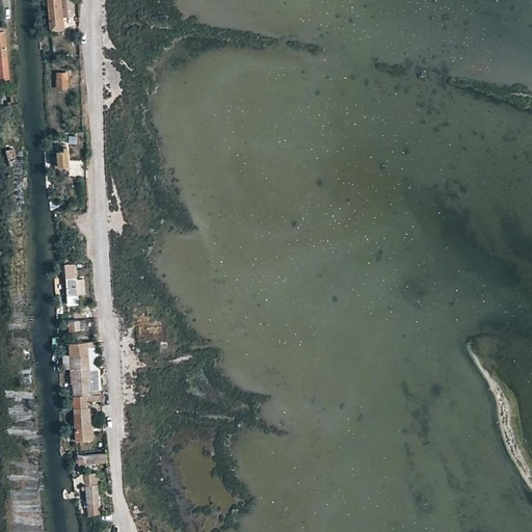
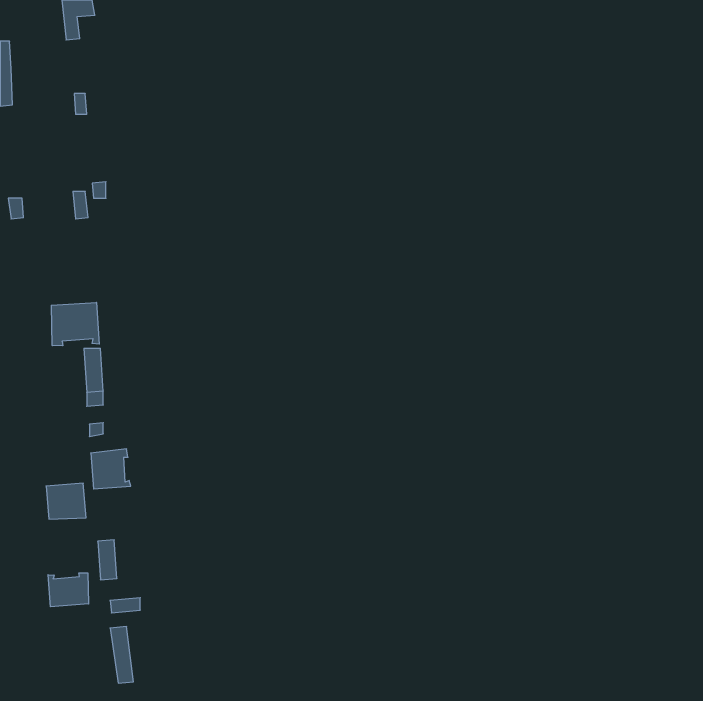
building: none -> [51,302,99,346]
building: [71,369,101,396] -> [46,483,86,519]
building: none -> [48,573,89,607]

